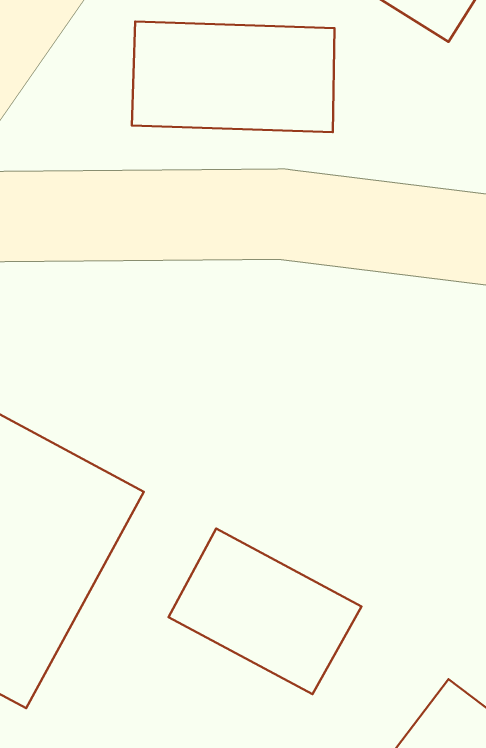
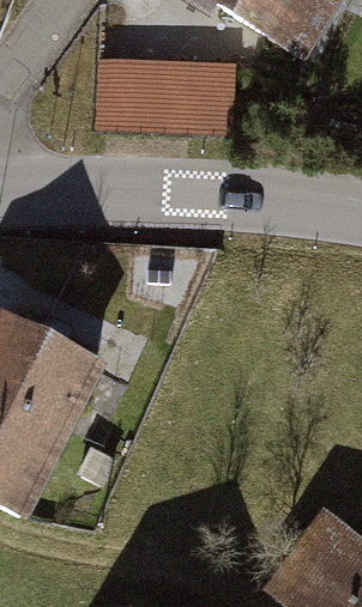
building: [169,528,361,694] -> none

